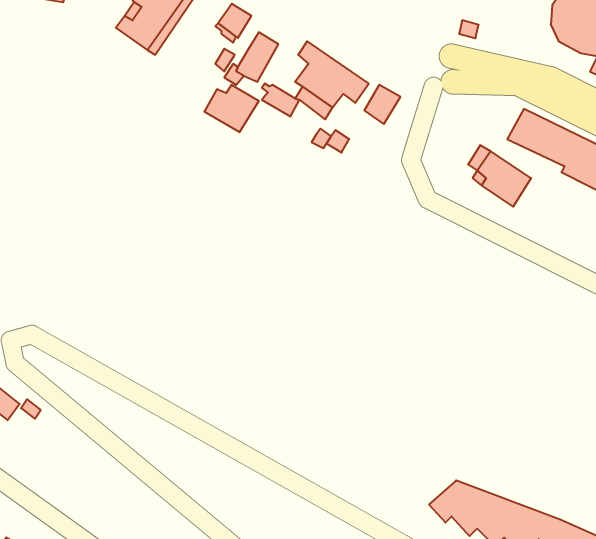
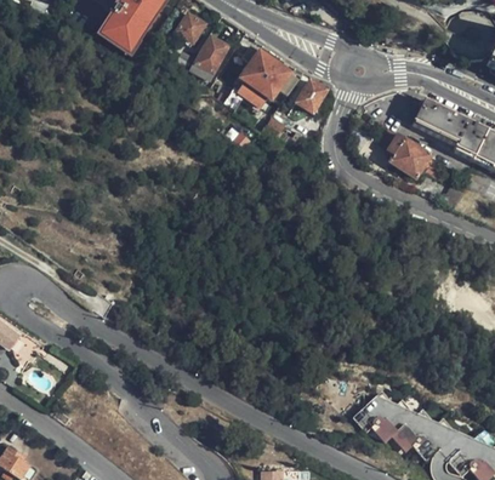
building: [204,85,259,132] -> none

